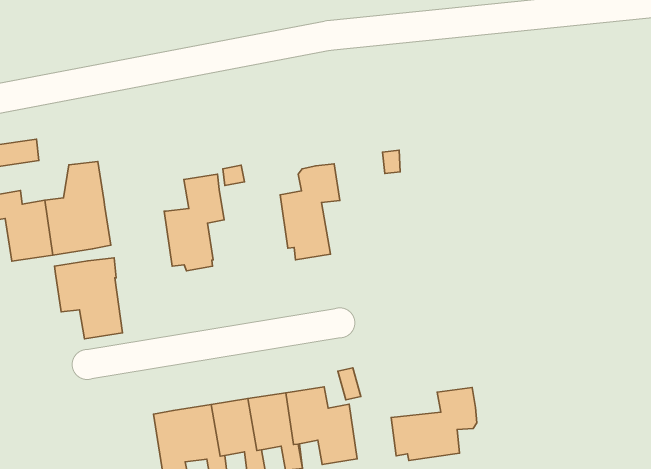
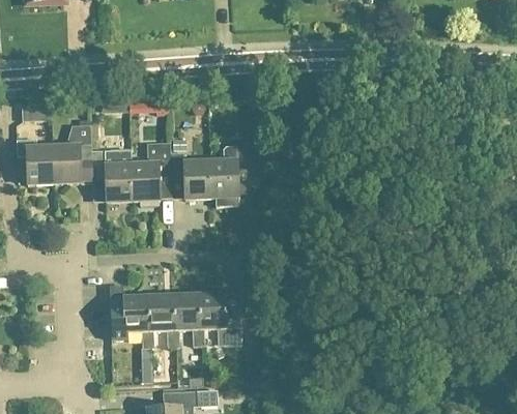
building: none -> [169,151,210,198]
building: [54,258,123,339] -> [91,149,132,201]
building: [391,388,477,460] -> none

